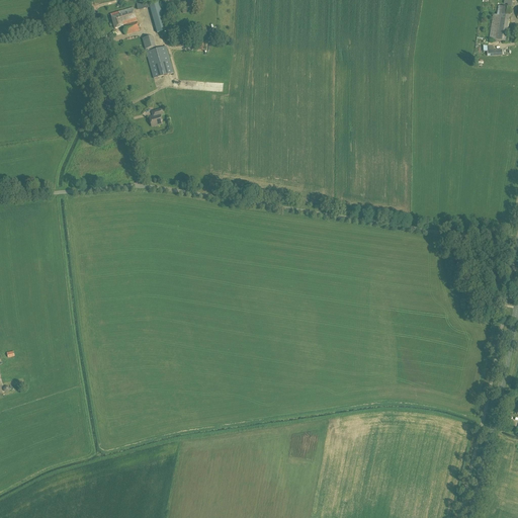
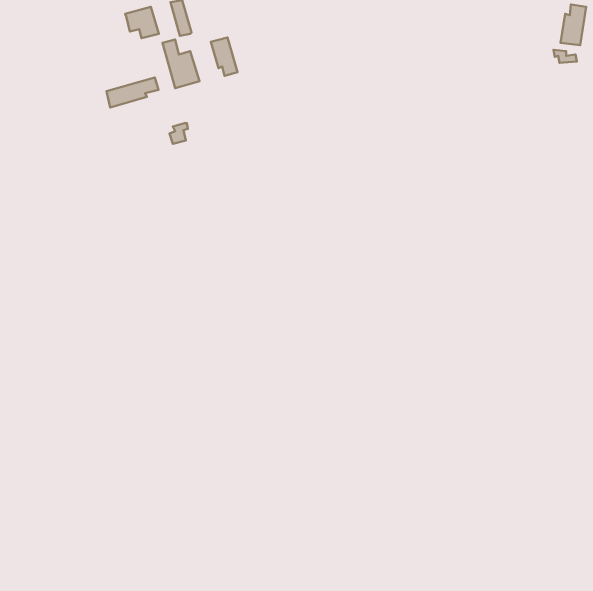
building: none -> [211,38,238,76]
building: none -> [107,77,158,108]

